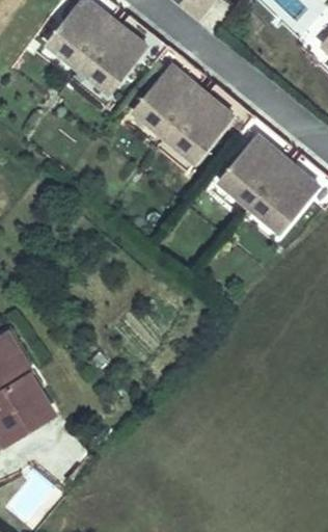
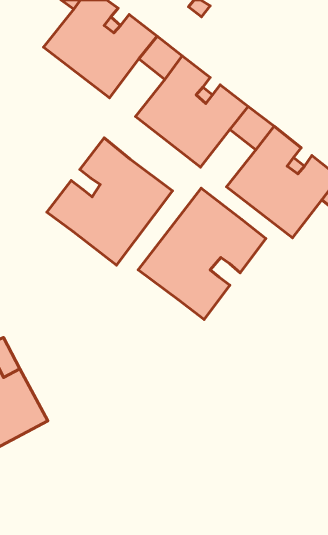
building: none -> [47,138,173,265]
building: none -> [138,188,266,320]

